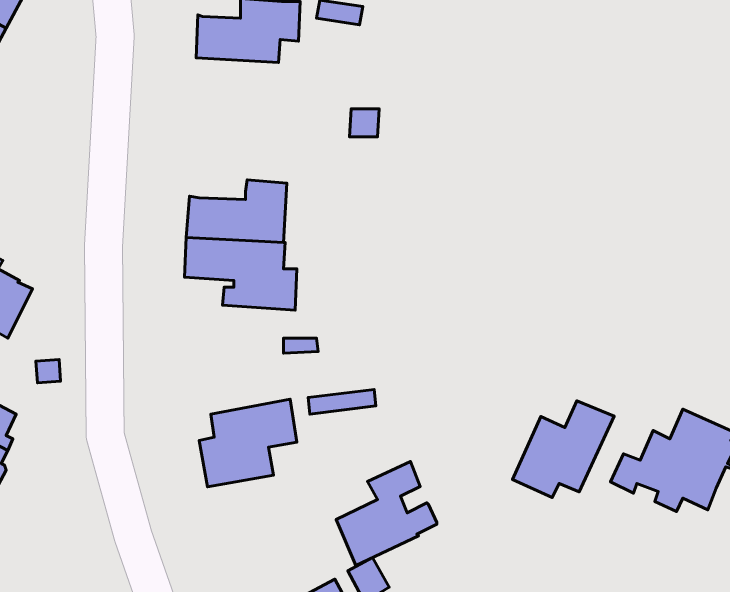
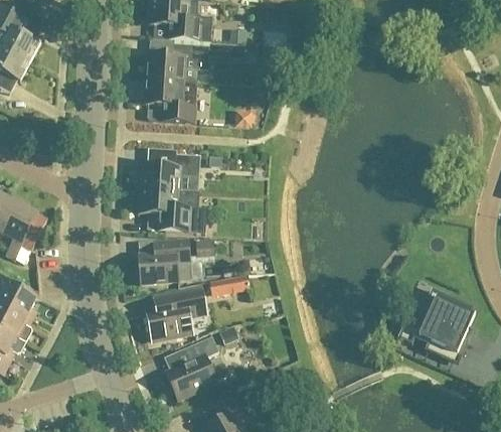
building: none -> [143,78,195,121]
building: none -> [138,238,190,283]
building: [512,401,614,498] -> none
building: [336,462,437,566] -> [164,335,225,399]

